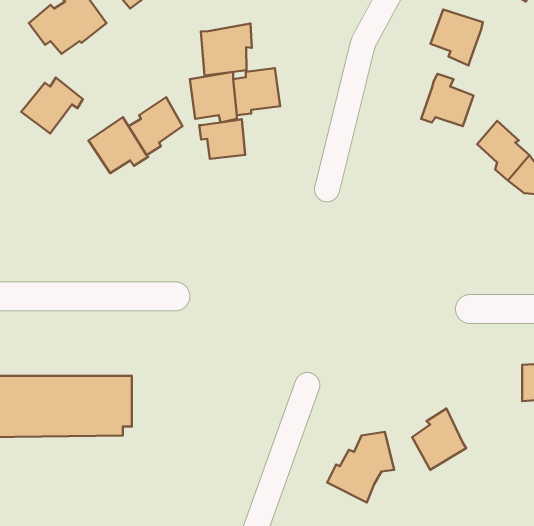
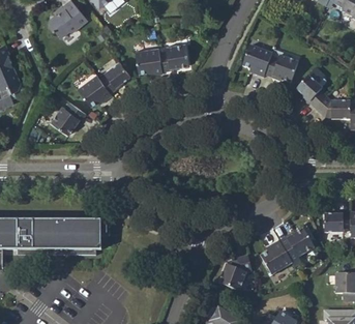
building: [430,9,483,66] -> [244,45,274,77]
building: [201,23,252,75] -> none
building: [21,77,83,133] -> [51,100,86,132]
building: [199,119,245,159] -> none
building: none -> [282,229,315,259]

